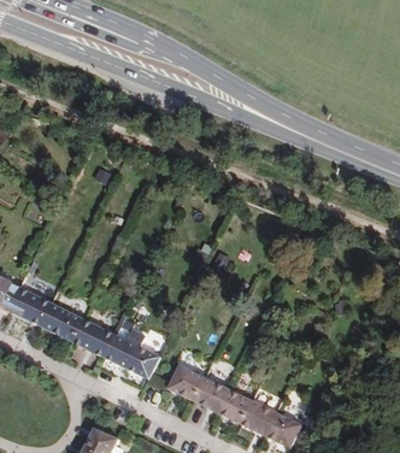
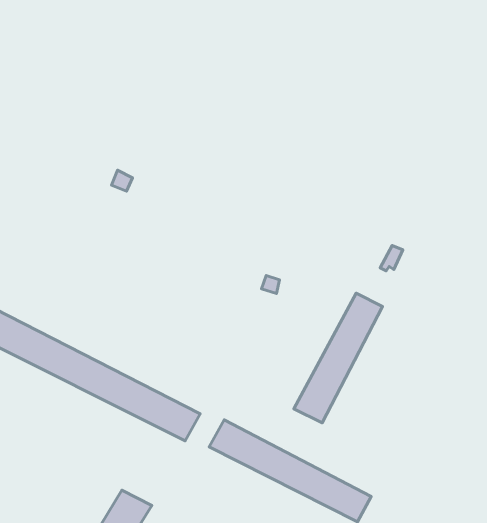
building: none -> [294,293,383,423]

